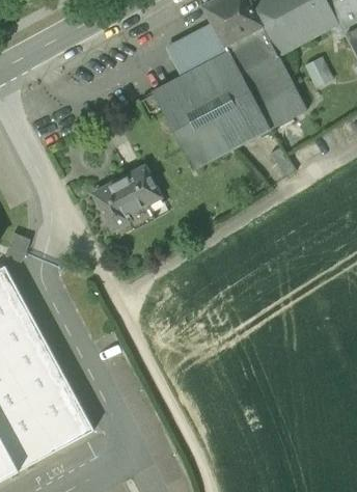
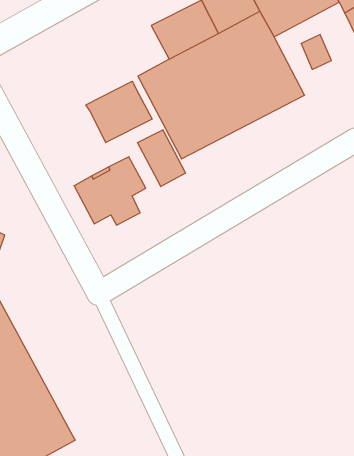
building: none -> [86,81,152,143]
building: none -> [137,130,185,187]

